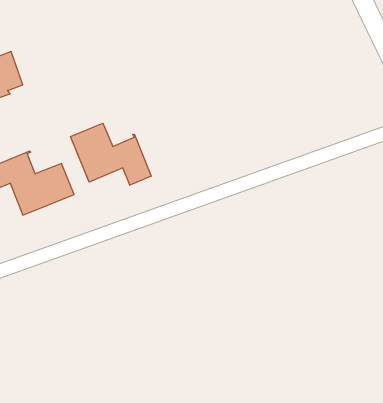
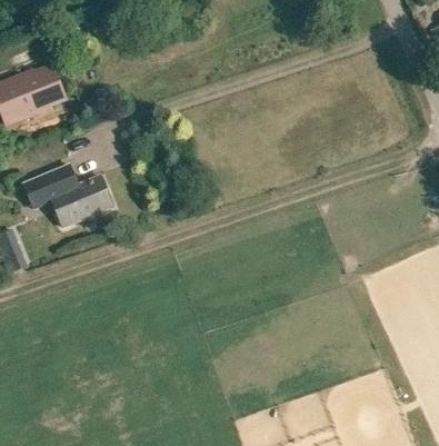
building: [70,123,151,185] -> none

